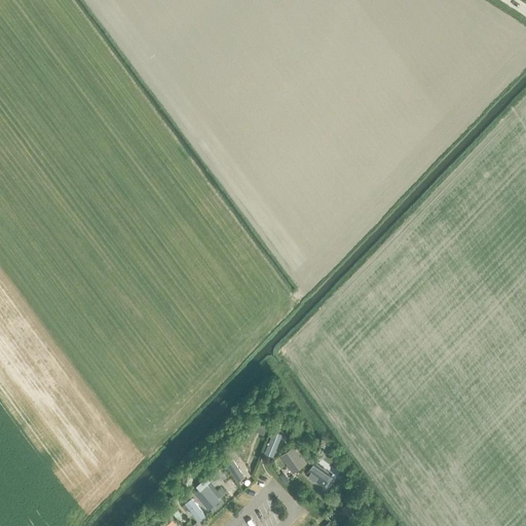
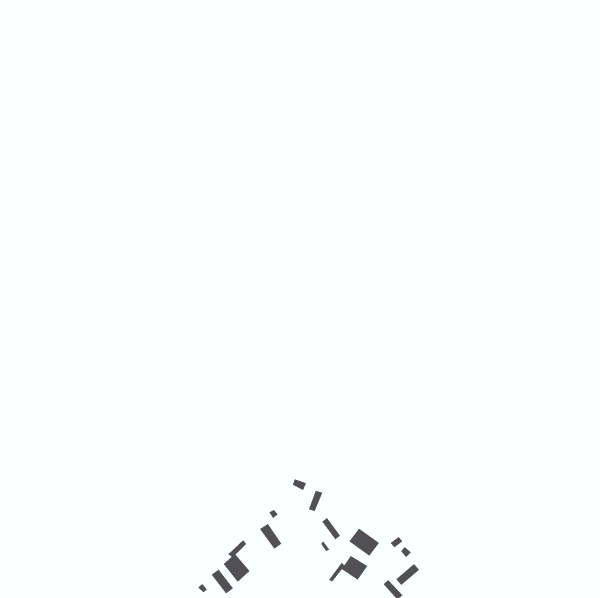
building: none -> [328,555,368,583]

